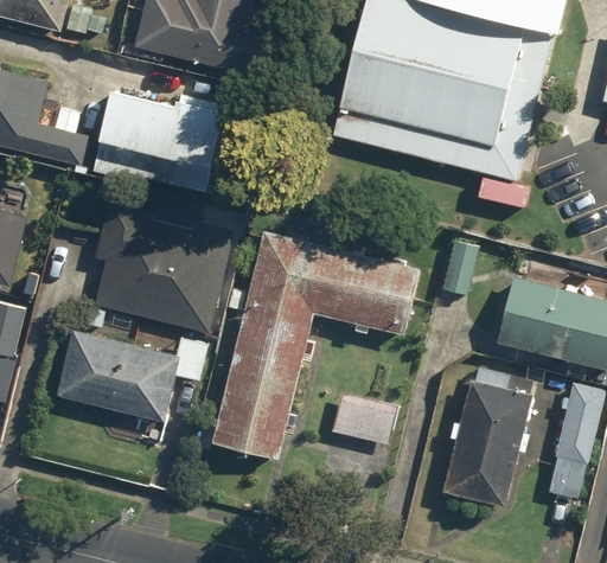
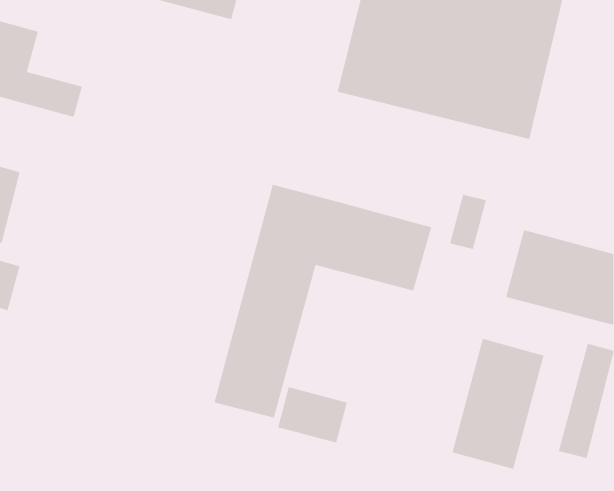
building: [95,87,223,194] -> none
building: [94,198,235,333] -> none
building: [57,331,177,422] -> none
building: [331,389,400,444] -> [277,386,348,444]

